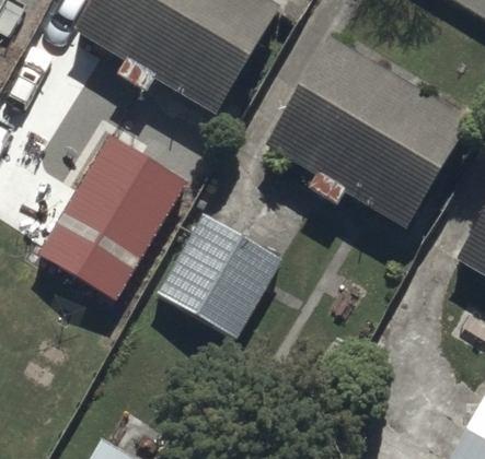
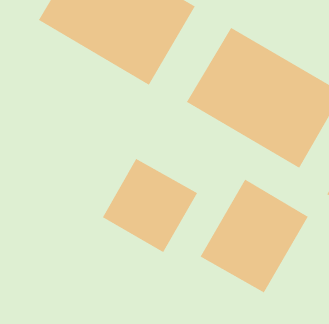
building: [36,134,189,303] -> none
building: none -> [200,178,309,294]

